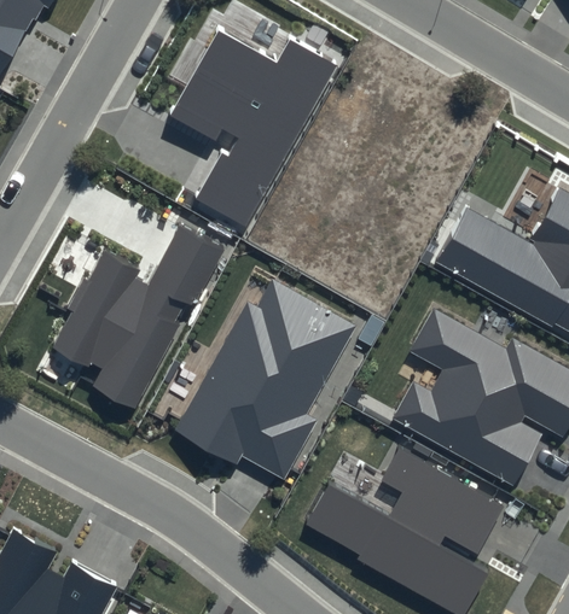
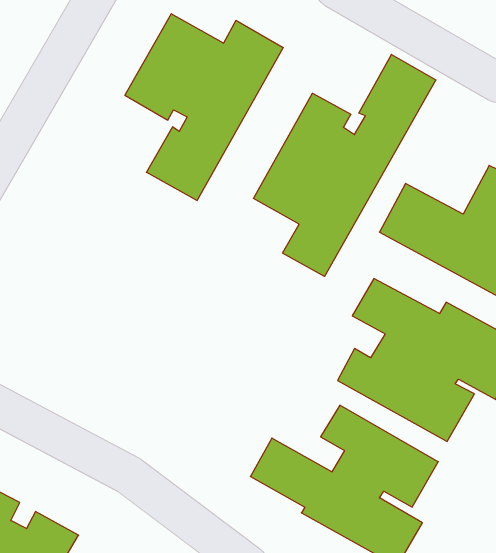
building: none -> [253,54,436,276]
building: [53,226,223,408] -> none
building: [175,280,356,480] -> none

